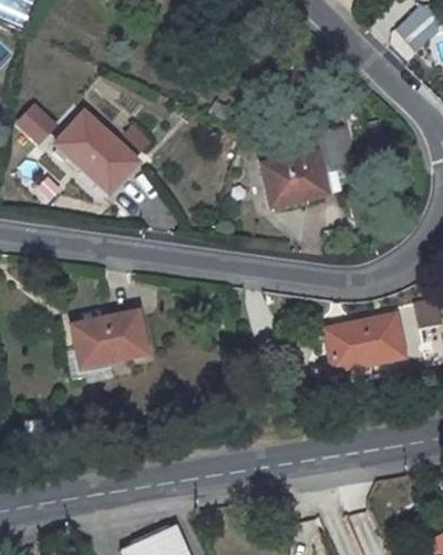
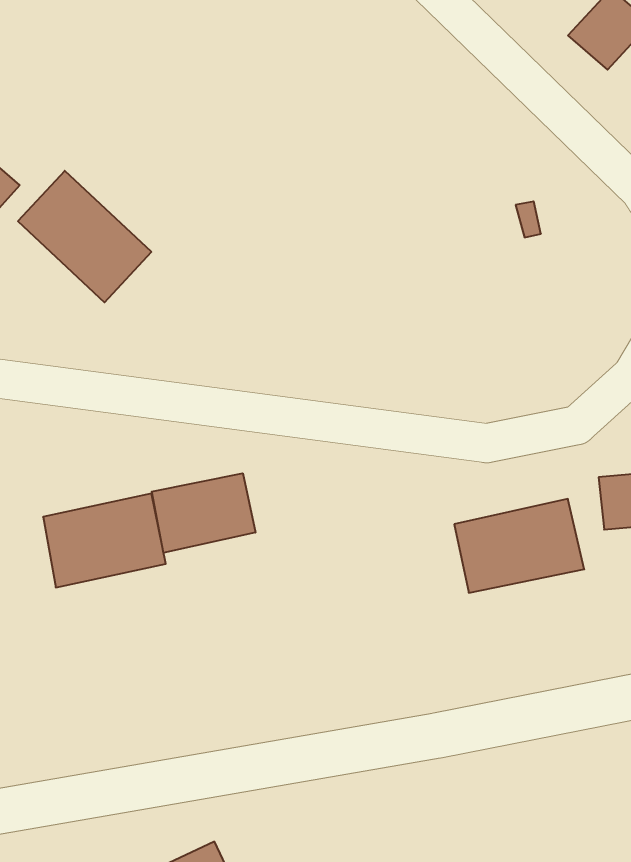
building: [264,131,347,205] -> none
building: none -> [152,473,255,553]

